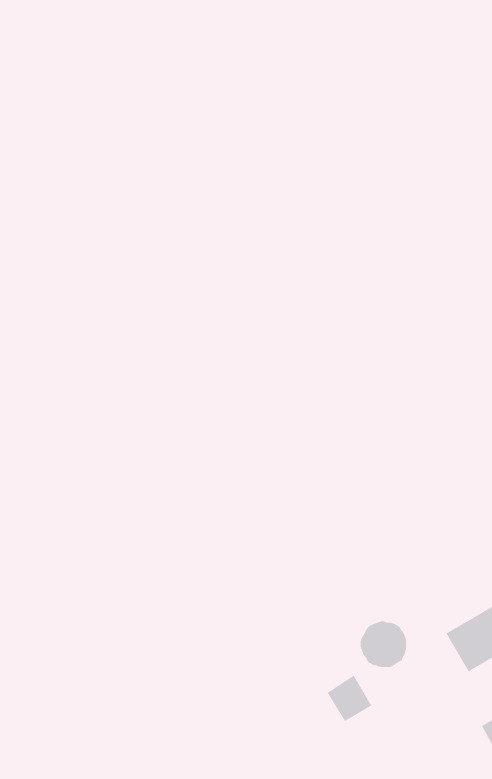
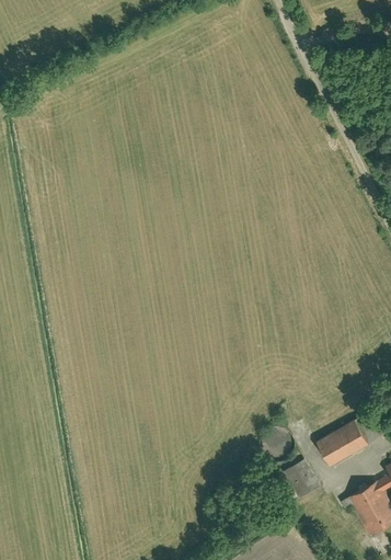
building: [327,675,372,722] -> [287,465,318,496]

